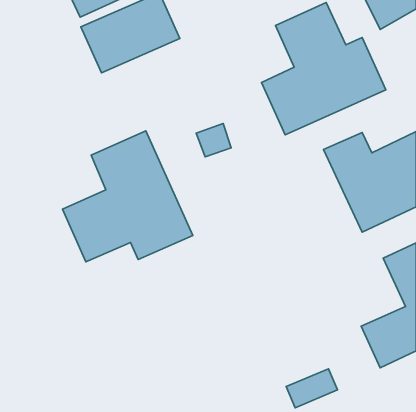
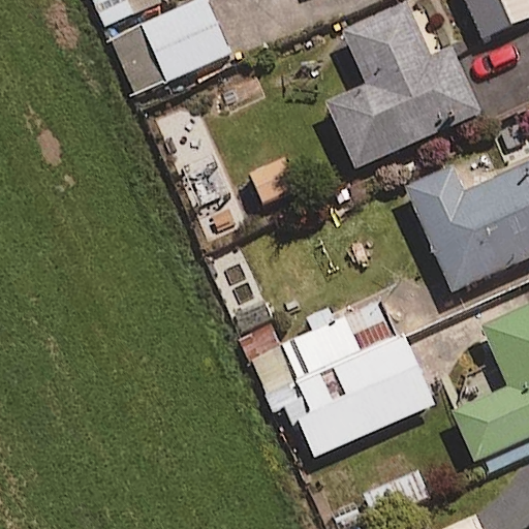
building: [62,131,193,262] -> none
building: none -> [246,295,432,455]

